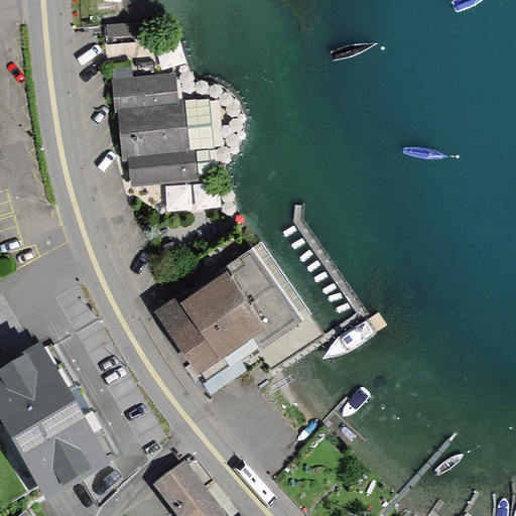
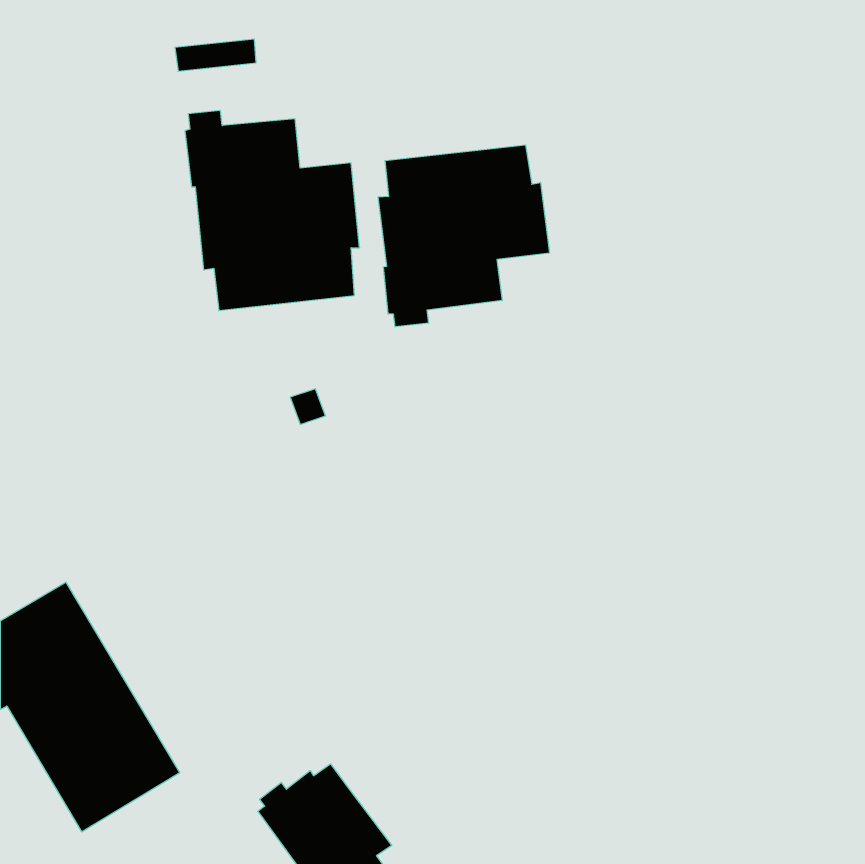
building: none -> [378,145,549,327]
building: [154,248,301,384] -> none

